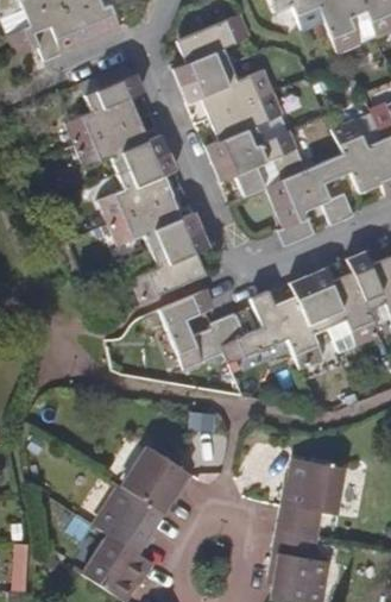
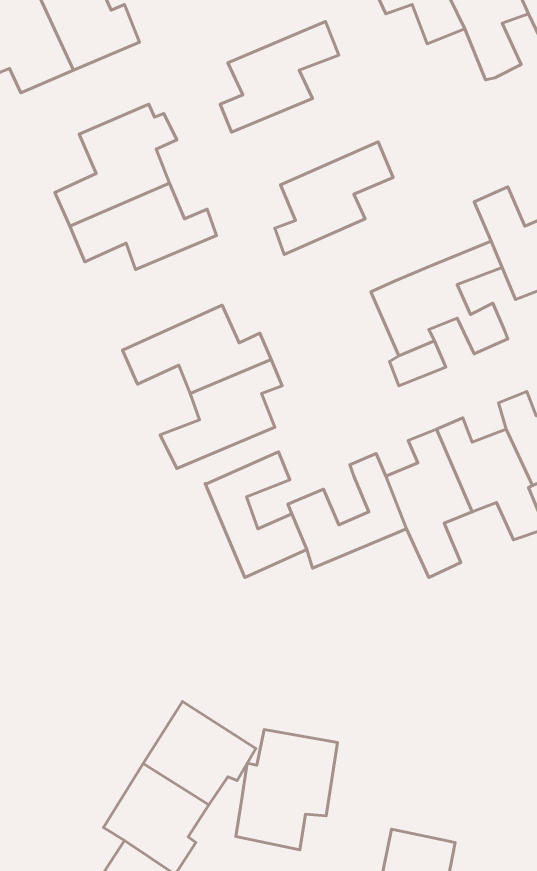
building: [178,64,271,119] -> none
building: [212,131,304,197] -> none
building: [100,151,176,224] -> none
building: [279,459,343,535] -> [236,729,338,850]

